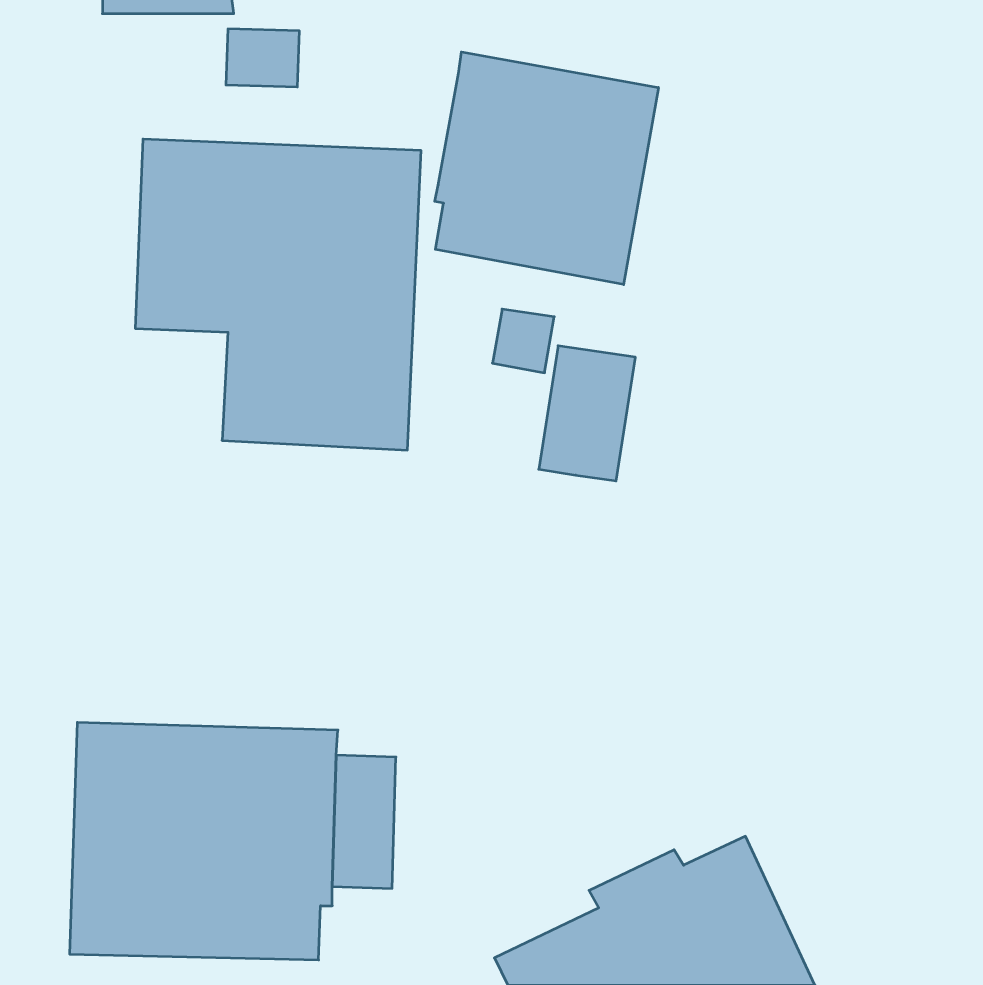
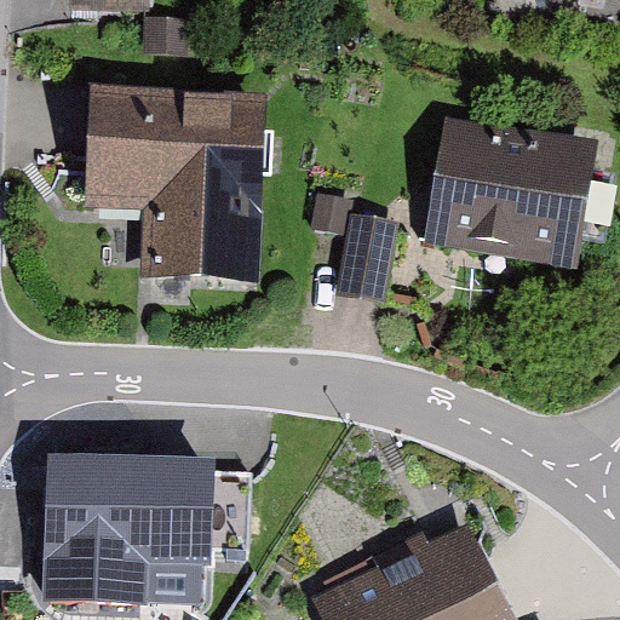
building: [435,52,658,285] -> none
building: none -> [421,117,591,266]

